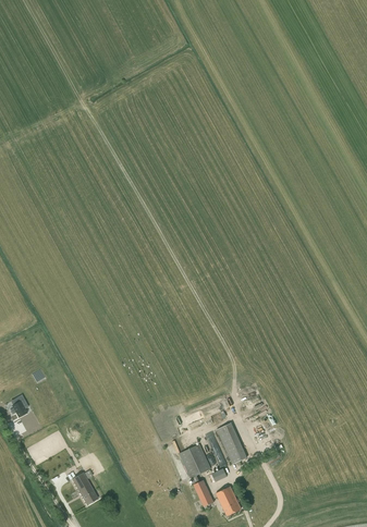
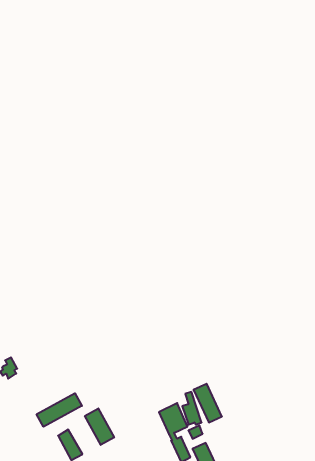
building: none -> [37,393,82,427]
building: none -> [85,408,114,445]

